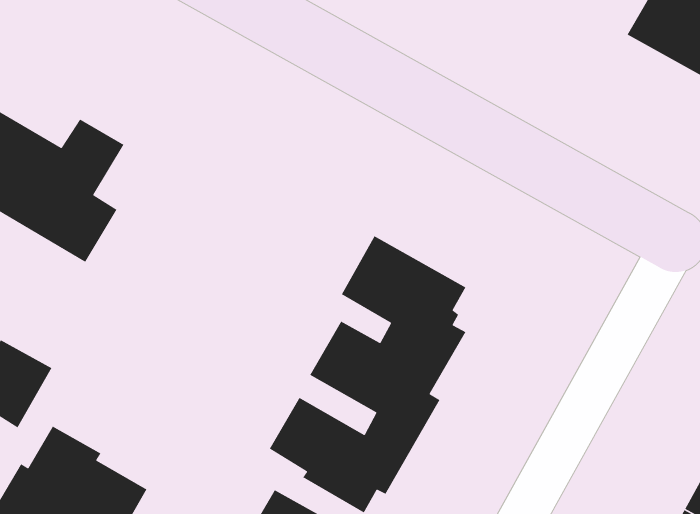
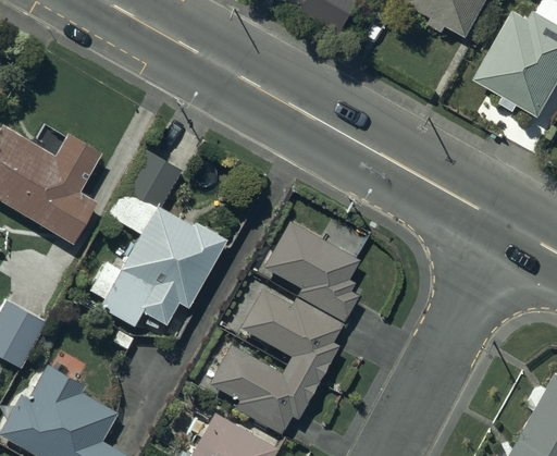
building: none -> [90,151,226,328]

